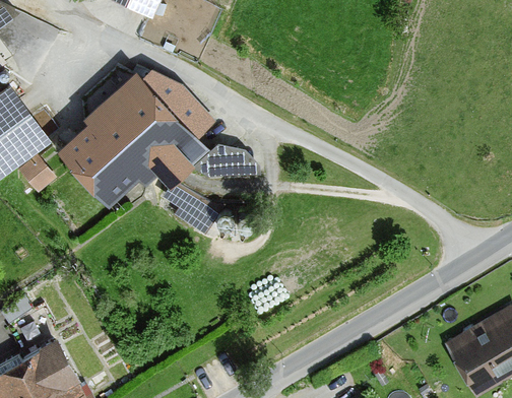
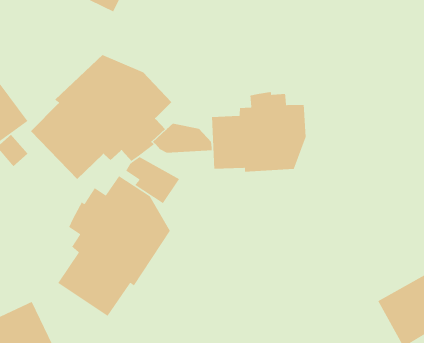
building: none -> [211,91,306,172]
building: none -> [57,175,171,317]

